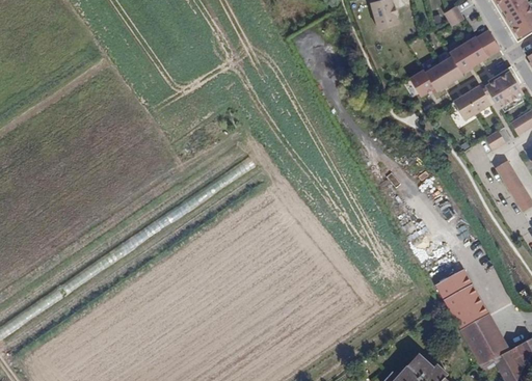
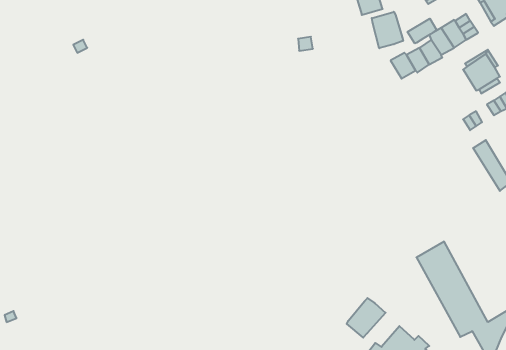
building: none -> [372,12,403,48]
building: none -> [408,19,436,43]
building: [452,84,490,119] -> none
building: none -> [347,298,386,338]

